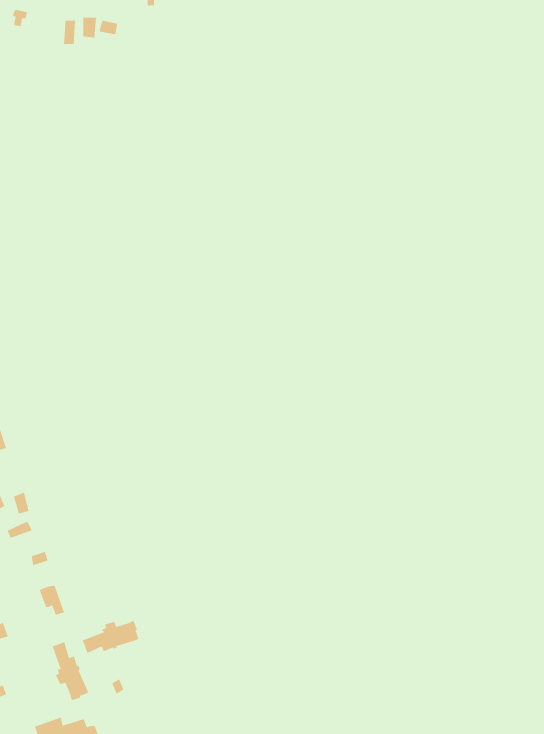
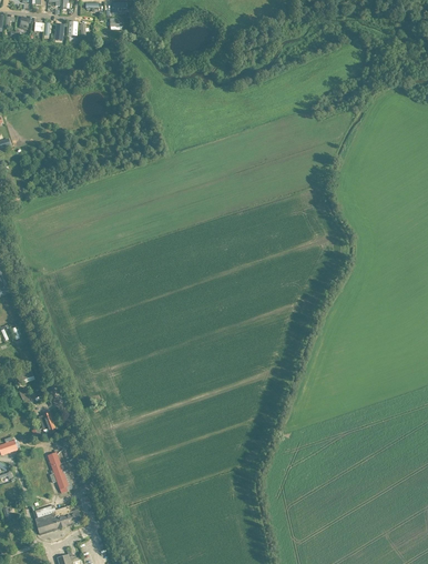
building: [82,620,139,654] -> none

